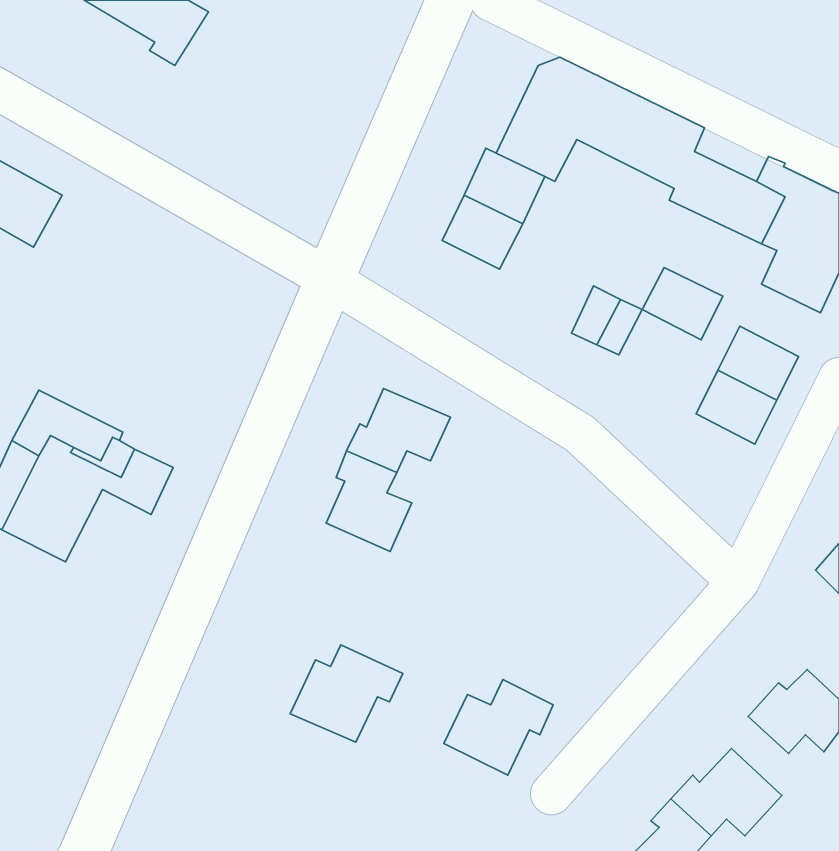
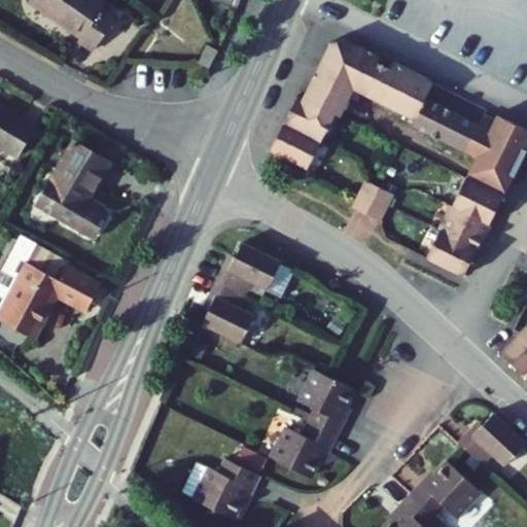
building: none -> [41,143,112,238]
building: [642,267,723,340] -> [453,179,502,223]
building: none -> [300,371,355,436]
building: [290,645,403,742] -> [195,460,264,520]

